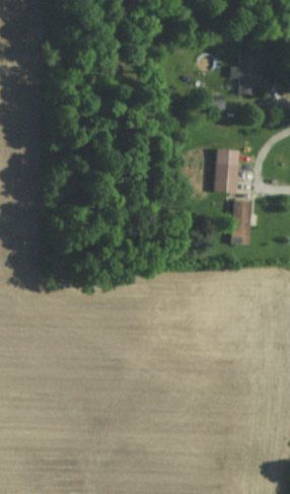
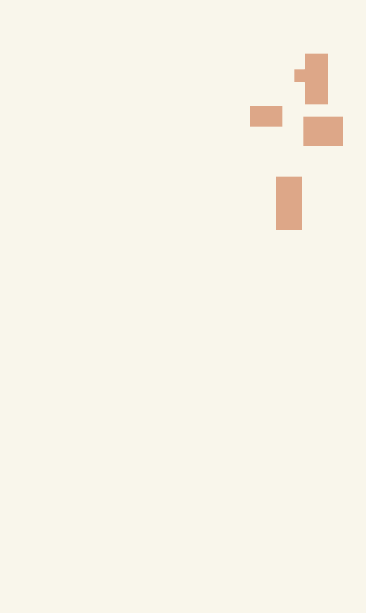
building: none -> [302,116,344,147]
building: [231,201,253,243] -> none

